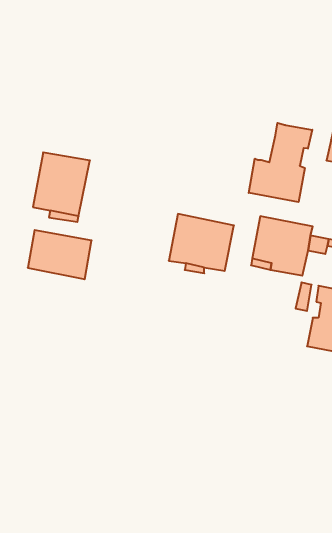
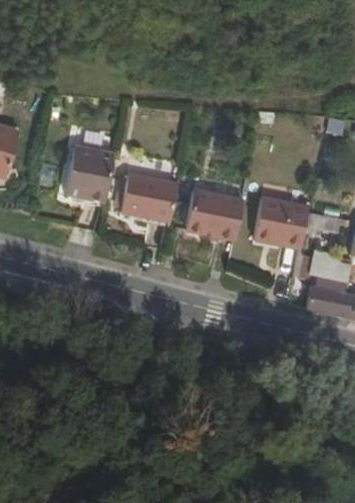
building: [249,123,312,202] -> none
building: [28,230,92,279] -> [121,174,178,217]

